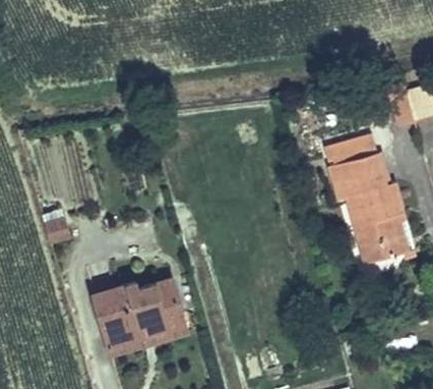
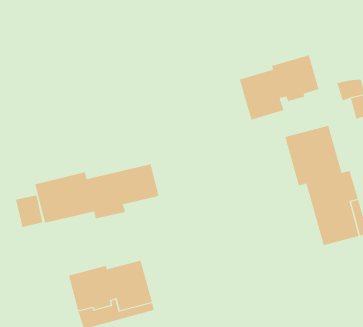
building: none -> [239,55,319,121]
building: none -> [34,164,159,224]

